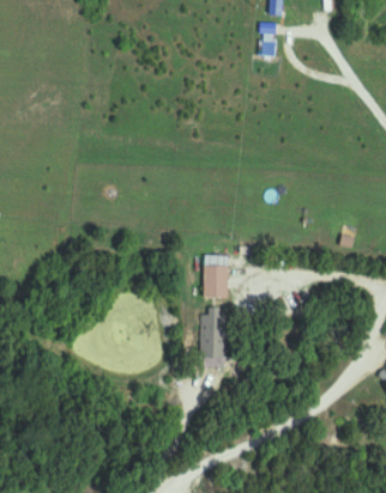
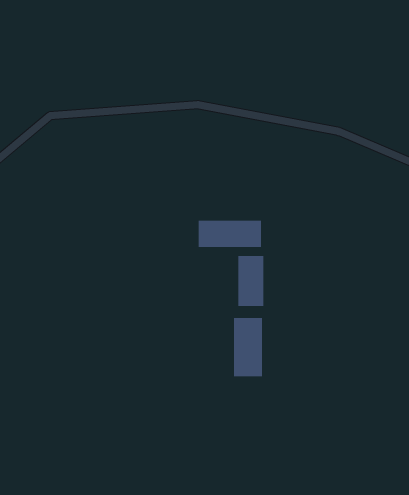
building: none -> [198,220,262,248]

